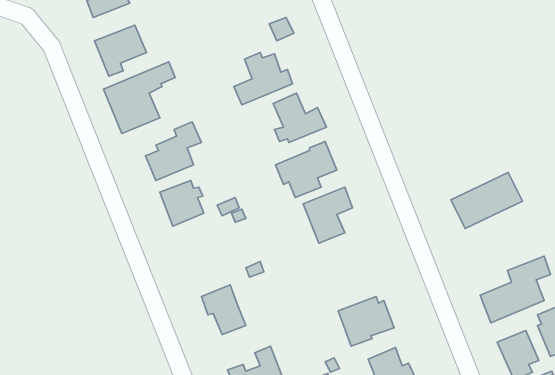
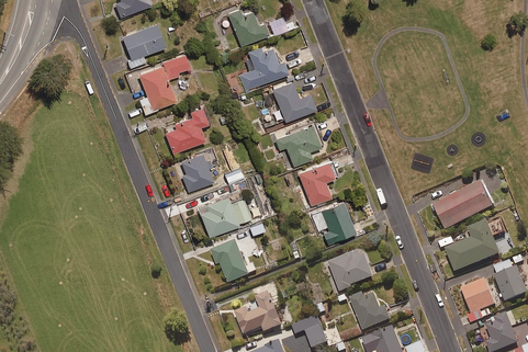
building: none -> [227,5,268,44]
building: [451,172,523,229] -> [432,182,493,229]
building: none -> [198,194,250,236]
building: none -> [310,200,356,243]

